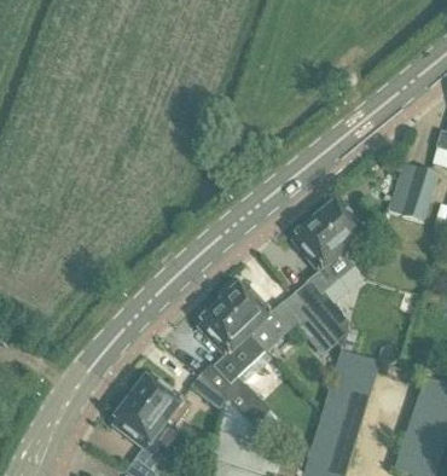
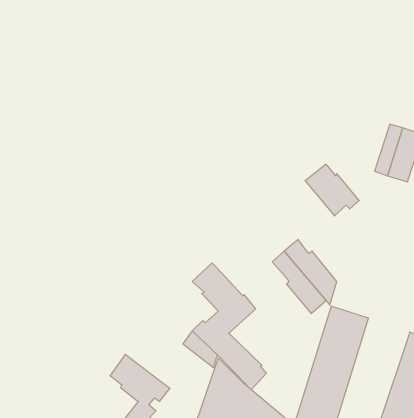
building: [294,219,352,292] -> none
building: [220,285,297,350] -> none
building: [130,377,188,425] -> none

